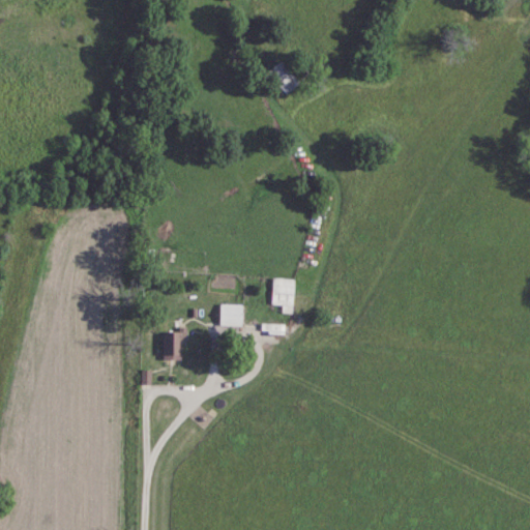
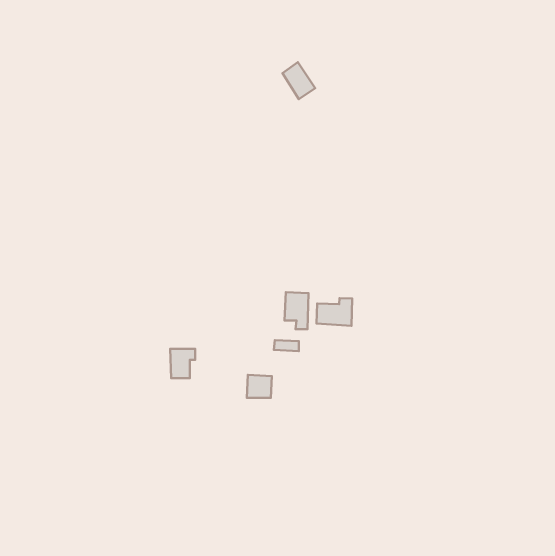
building: none -> [317,298,352,326]
building: [219,304,243,326] -> [247,375,272,398]

